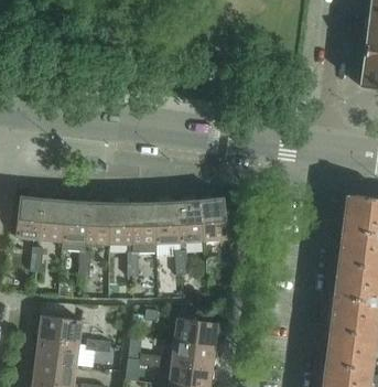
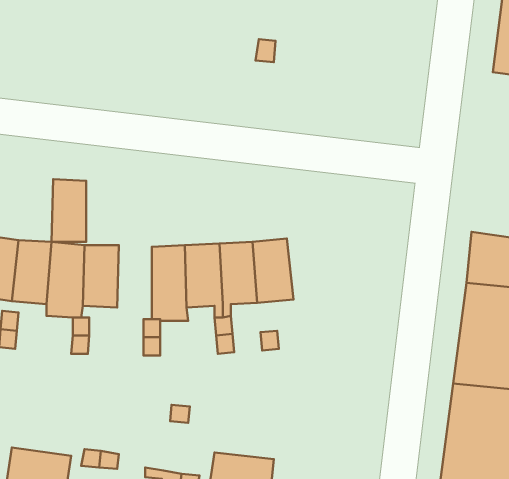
building: [109,203,132,245] -> [51,179,86,242]
building: [39,315,82,344] -> none
building: [174,319,217,346] -> none

